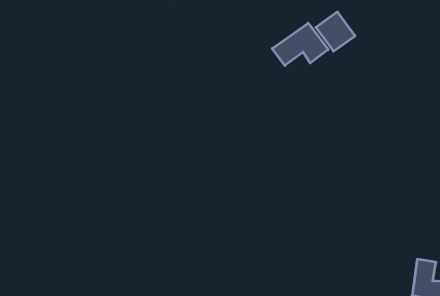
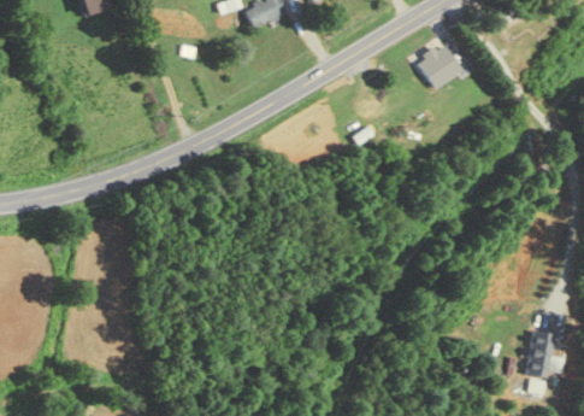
building: [272,23,328,66] -> none

